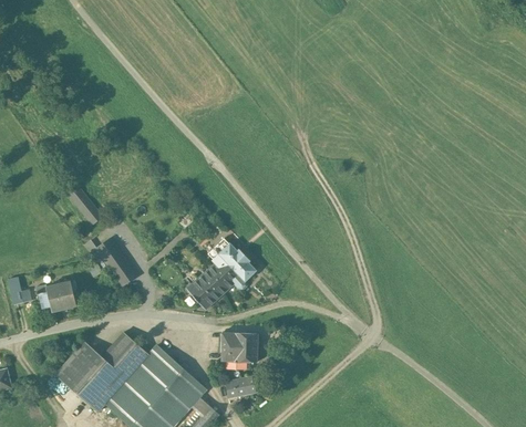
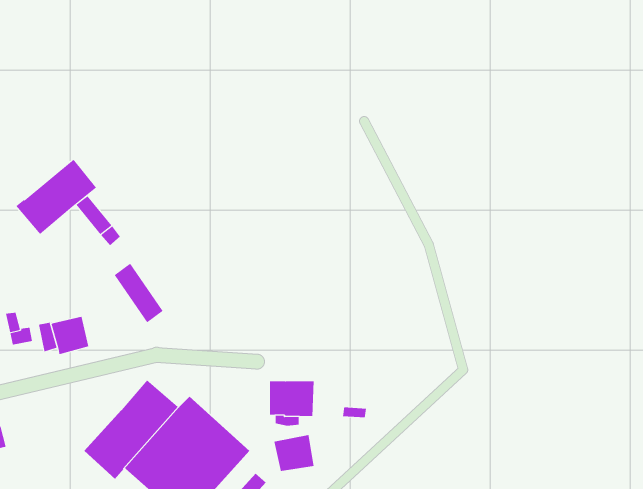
building: none -> [15,159,97,235]
building: [186,238,256,310] -> none
building: [55,342,102,389] -> none

